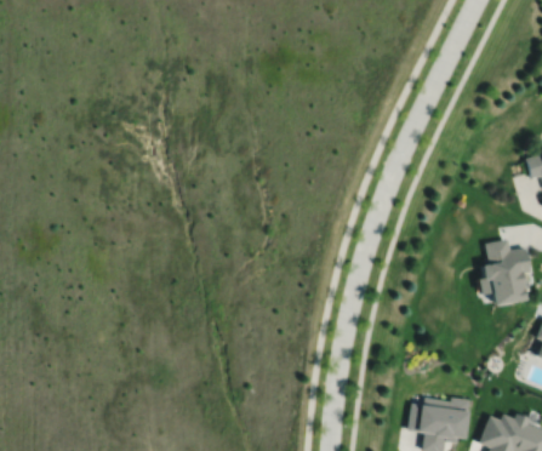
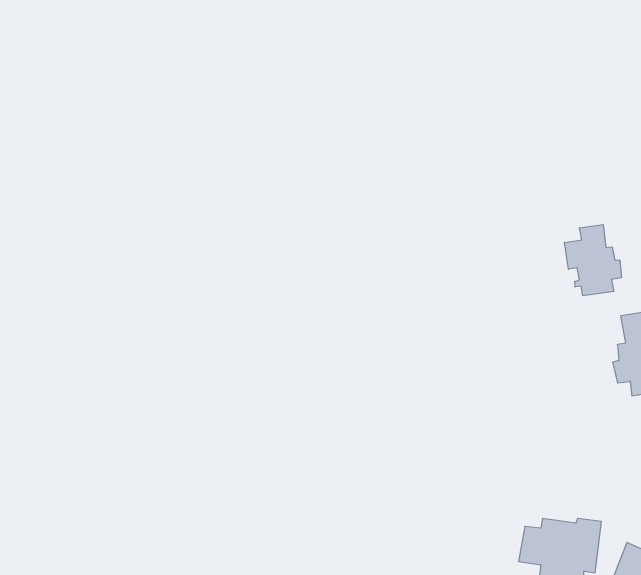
building: none -> [565,224,621,296]

